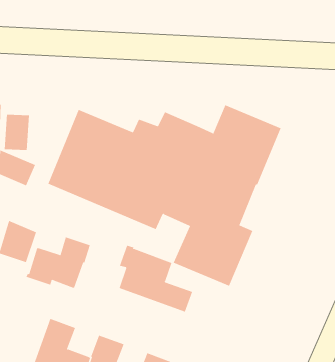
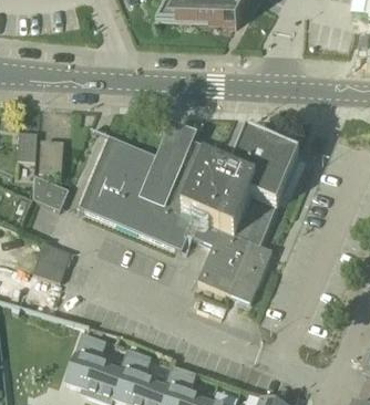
building: [26,237,91,288] -> none
building: [119,245,193,313] -> none

